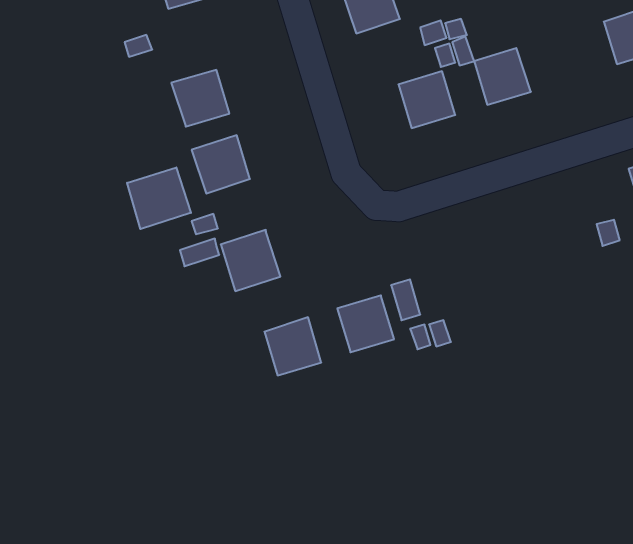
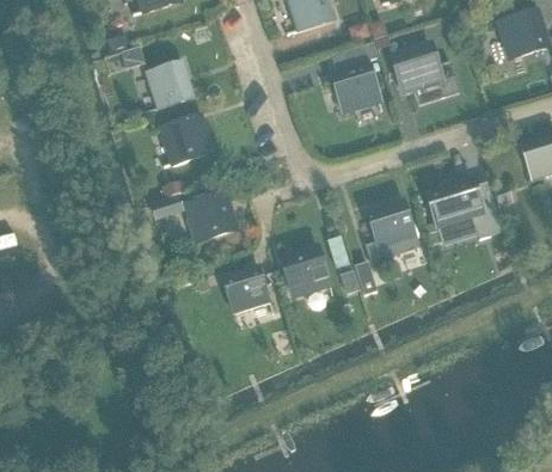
building: [127,167,191,229] -> none
building: none -> [428,180,503,240]
building: none -> [364,202,418,270]

